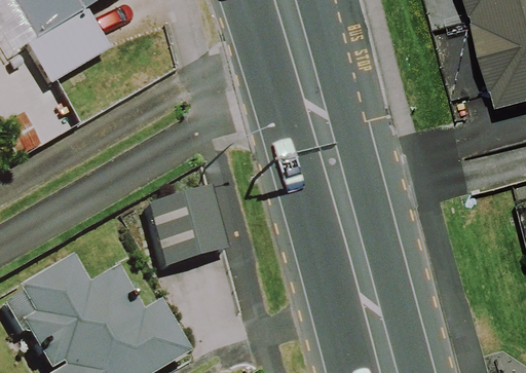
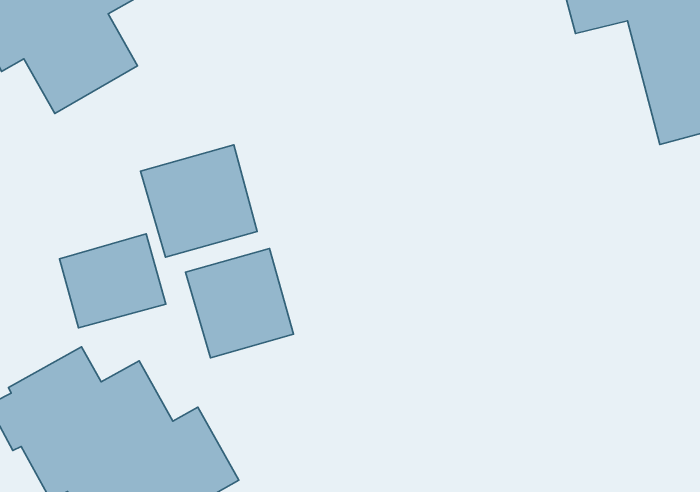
building: none -> [141,145,257,257]
building: none -> [59,234,166,328]

